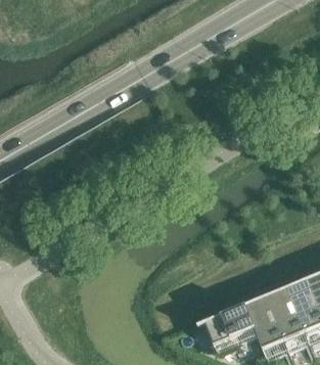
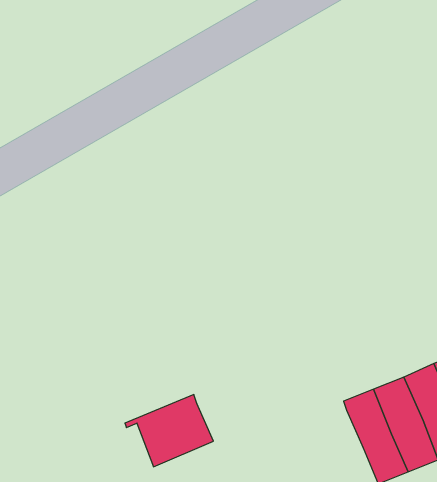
building: [197,303,258,352] -> [125,395,213,467]

